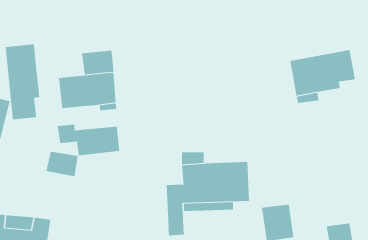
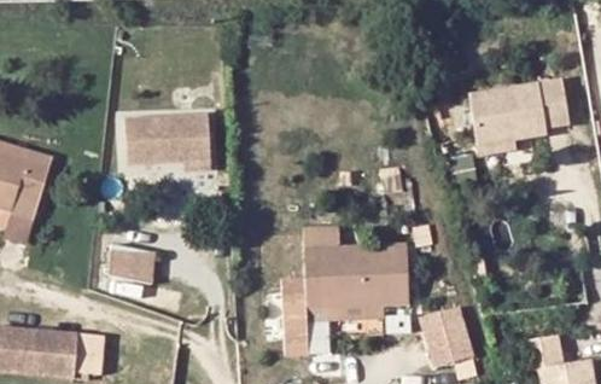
building: [5,44,40,120] -> none
building: [82,50,114,75] -> none
building: [57,124,120,156] -> none

